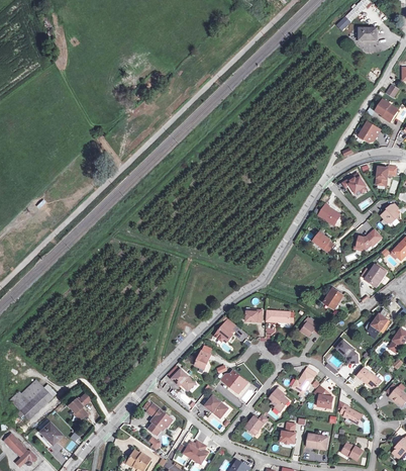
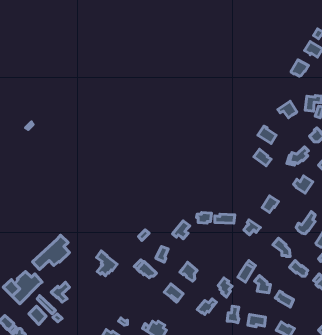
building: none -> [33,235,69,269]
building: [146,403,172,434] -> [96,251,117,276]

